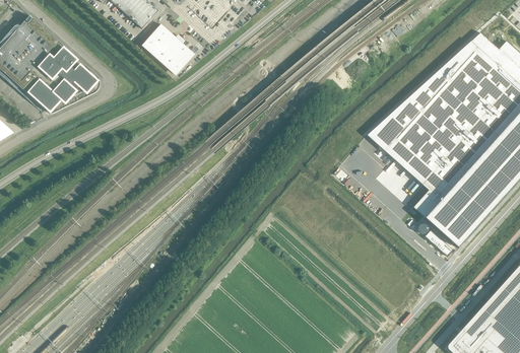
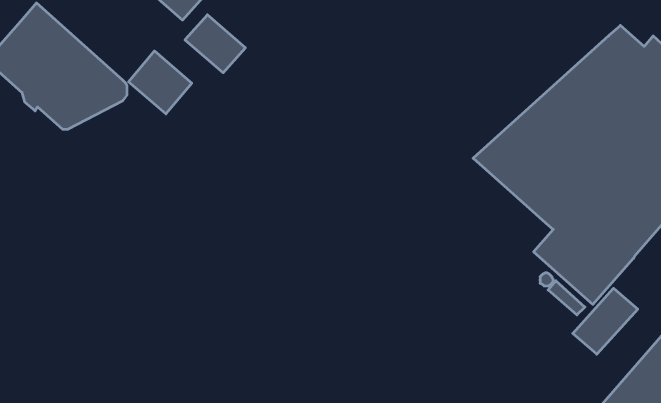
building: none -> [129,51,192,114]
building: none -> [573,288,638,354]

